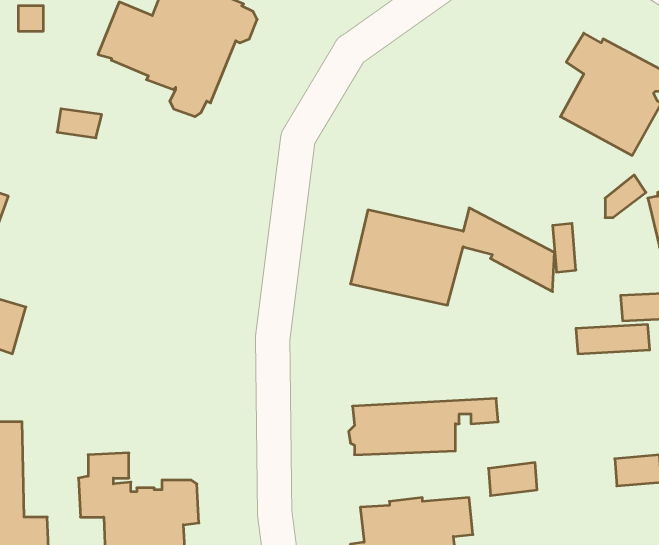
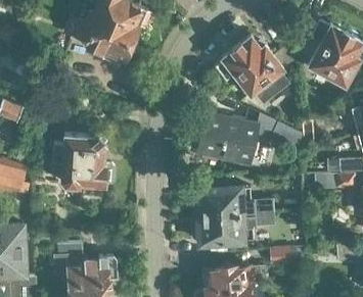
building: none -> [215,35,290,105]
building: none -> [51,134,115,187]
building: none -> [195,188,274,218]

